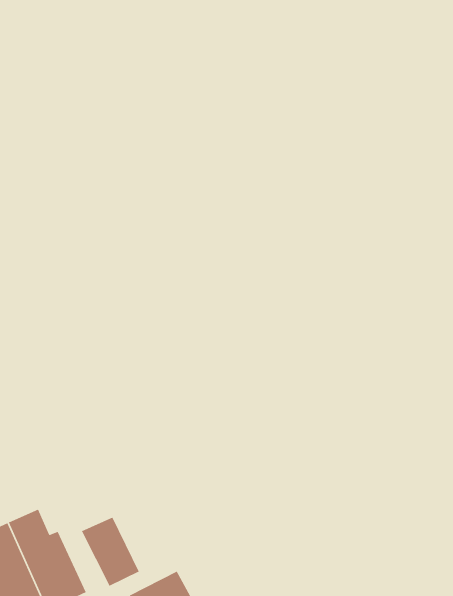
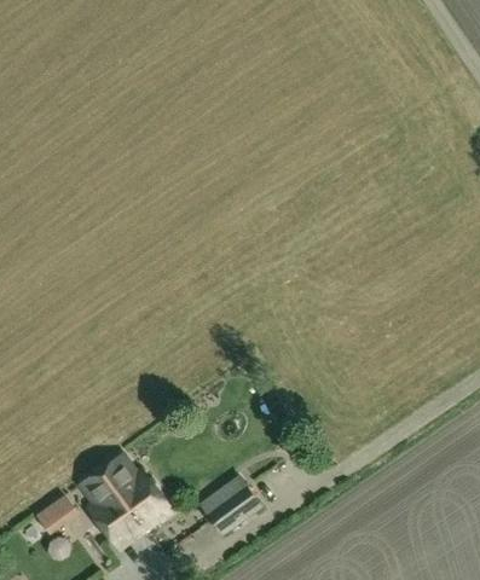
building: [81,516,140,587] -> none

